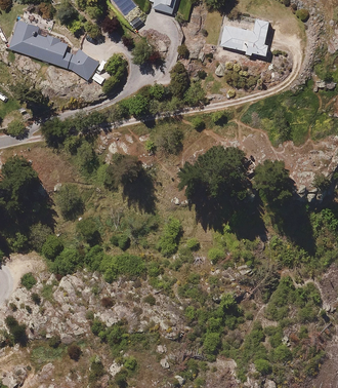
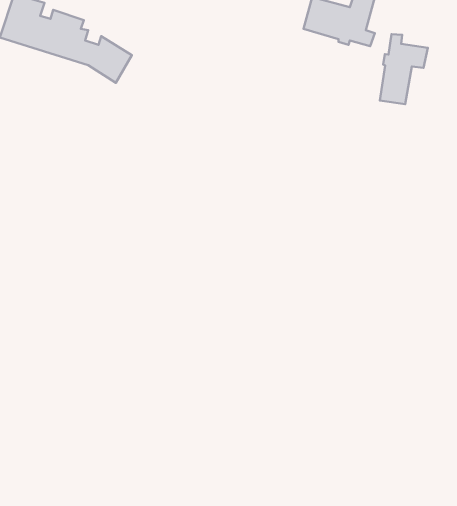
building: none -> [380,34,428,104]

